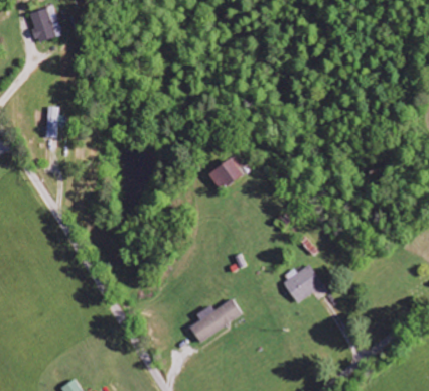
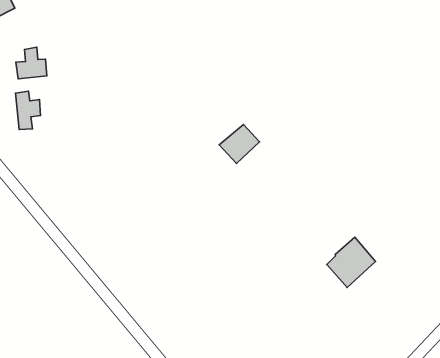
building: none -> [16,47,47,79]
building: [188,298,242,343] -> none

